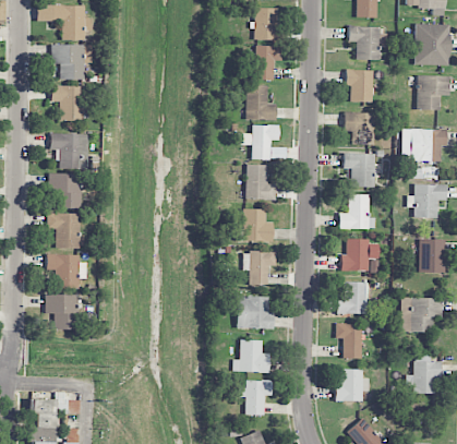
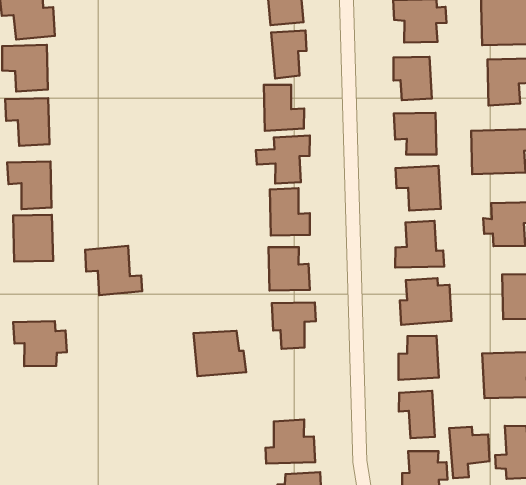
building: [47,213,88,249] -> [85,246,142,295]
building: [45,295,76,329] -> none
building: [236,297,274,329] -> [194,331,246,376]
building: none -> [449,427,490,478]

